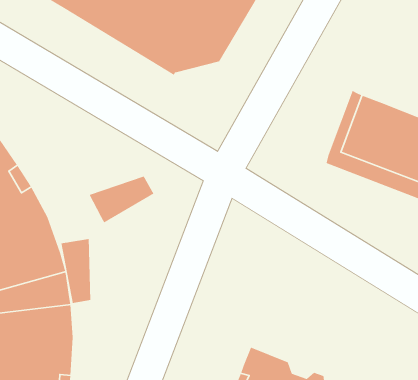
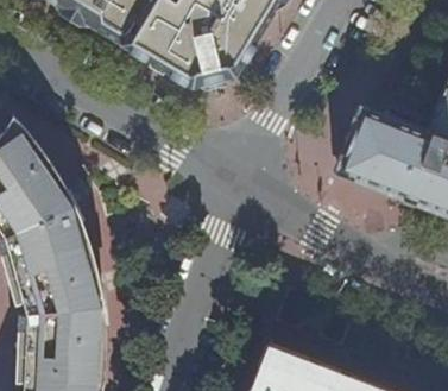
building: [89,175,155,223] -> none
building: [61,238,91,304] -> none

